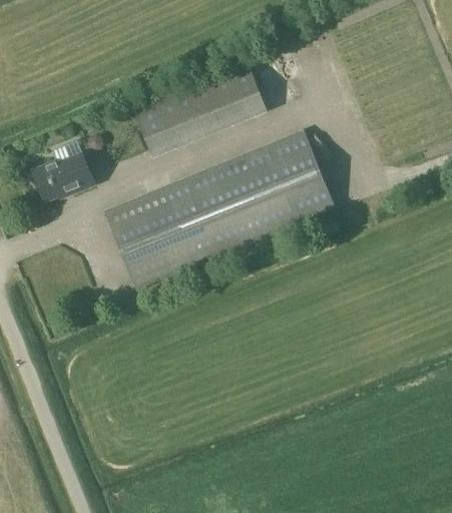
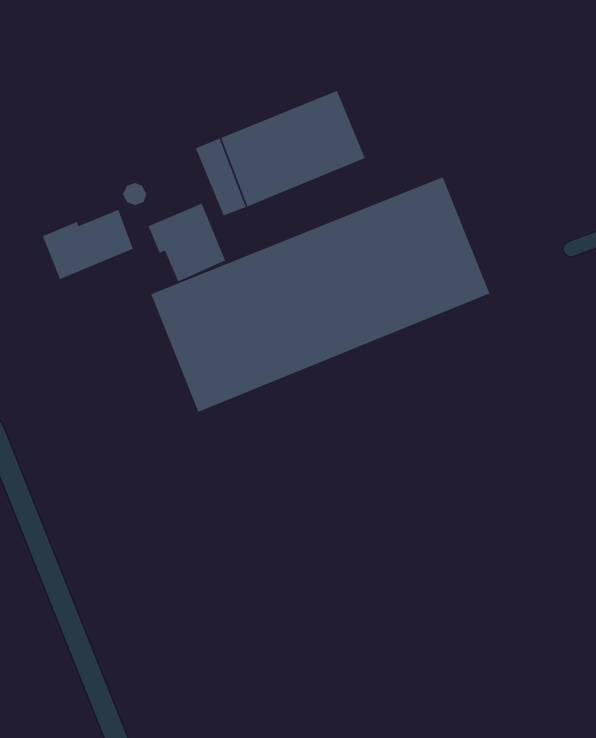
building: [232,65,268,118] -> none
building: none -> [148,202,226,283]

